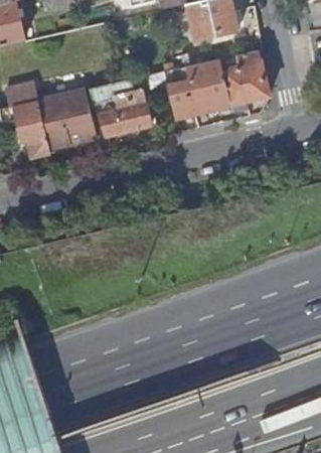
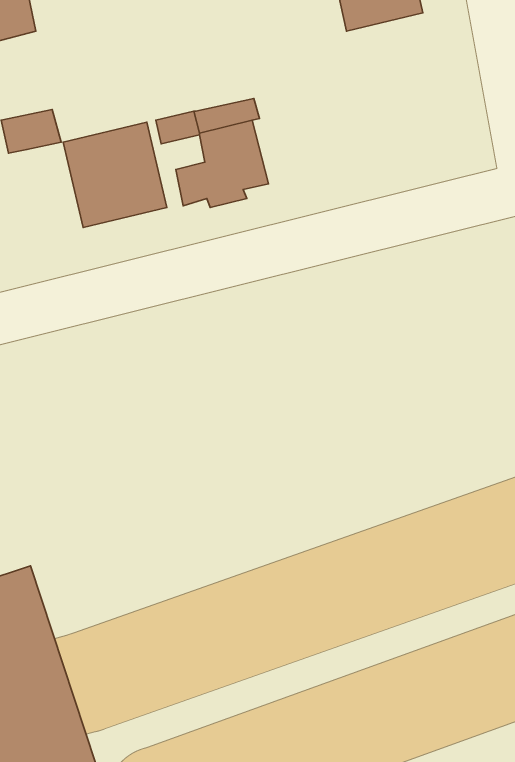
building: [163,51,269,119] -> none
building: [17,102,50,159] -> none

